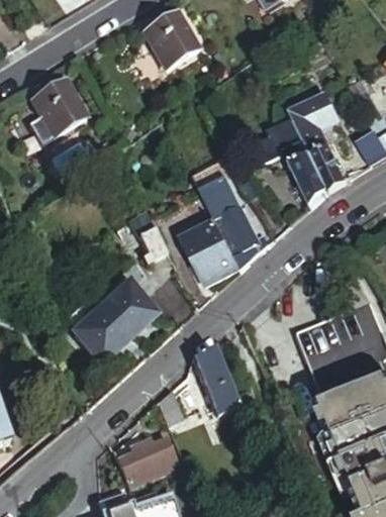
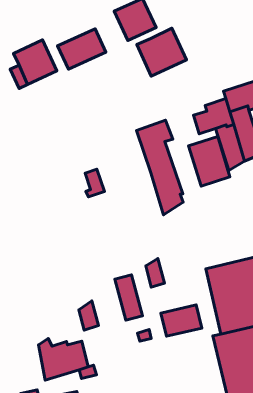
building: none -> [137,28,186,76]
building: none -> [58,29,106,69]
building: [182,222,236,284] -> [188,137,230,186]
building: [75,285,152,358] -> none
building: none -> [161,305,202,336]

